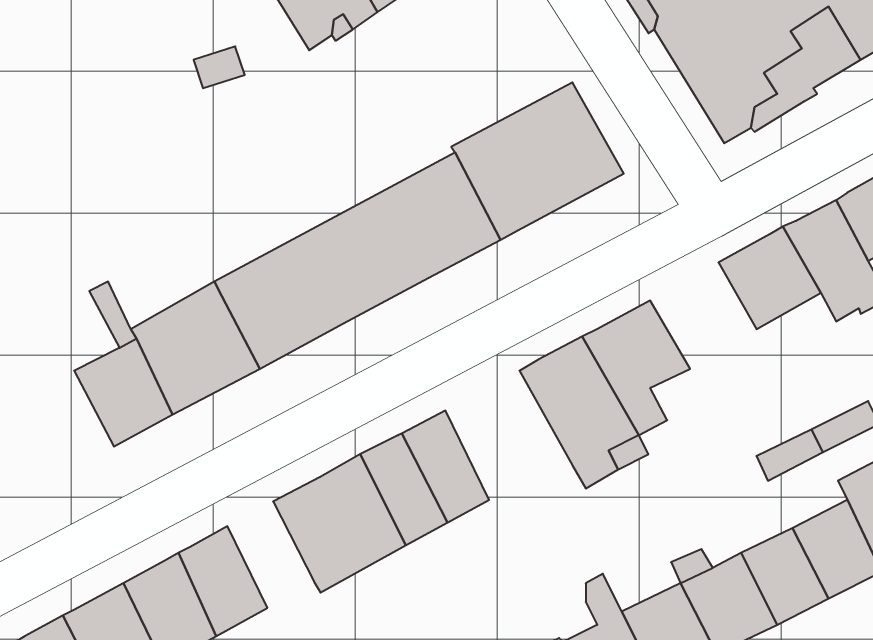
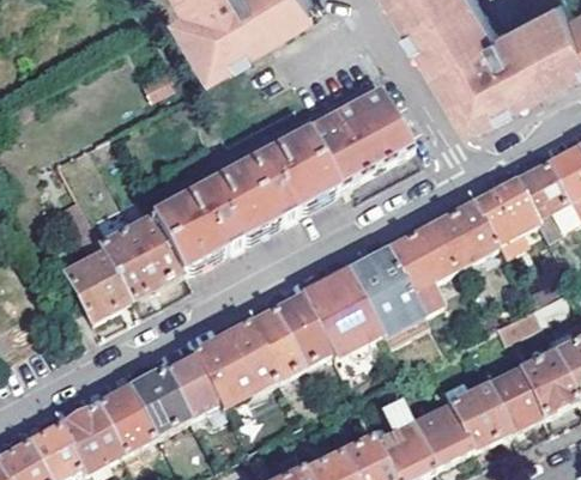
building: none -> [424,205,492,272]
building: none -> [295,273,375,360]
building: none -> [157,356,212,423]

